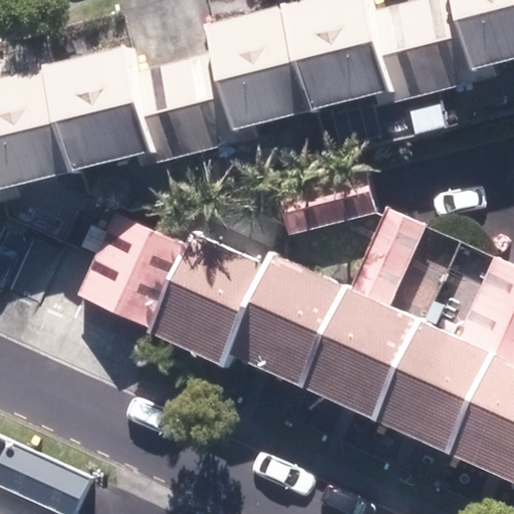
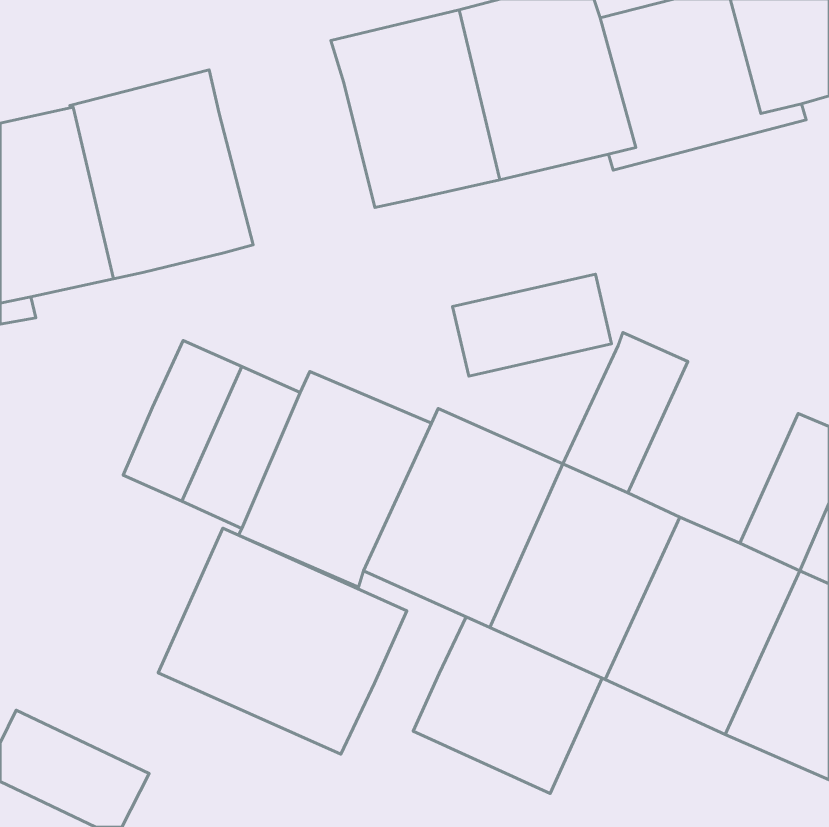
building: [136,51,258,165] -> none
building: none -> [158,528,407,754]
building: none -> [413,617,602,793]

